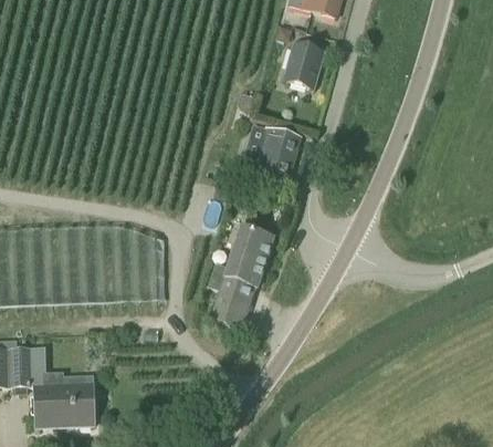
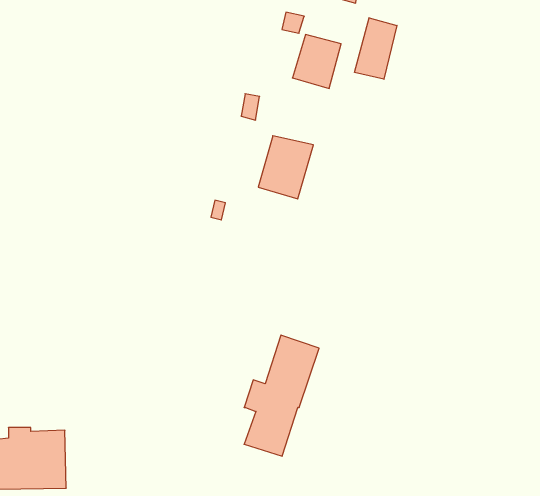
building: none -> [355,18,397,79]
building: [210,225,273,326] -> [244,335,319,456]

